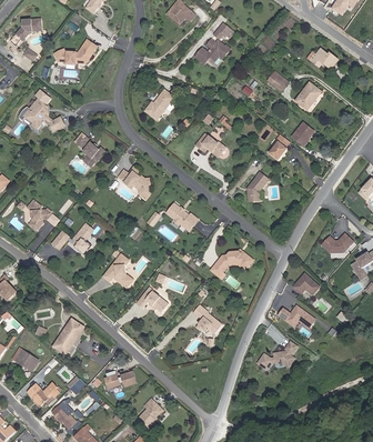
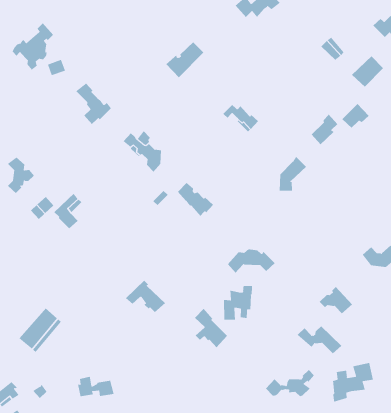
building: [102,254,130,288] -> none
building: none -> [223,285,253,321]
building: none -> [332,362,373,402]

